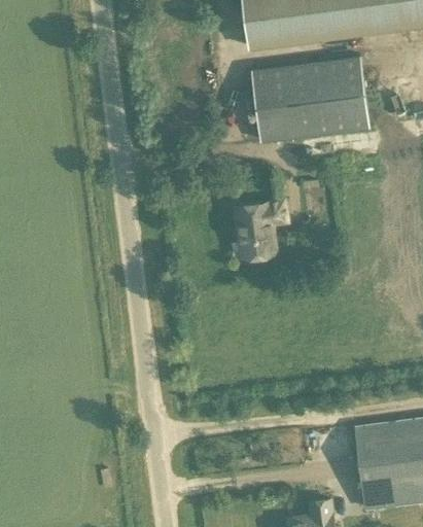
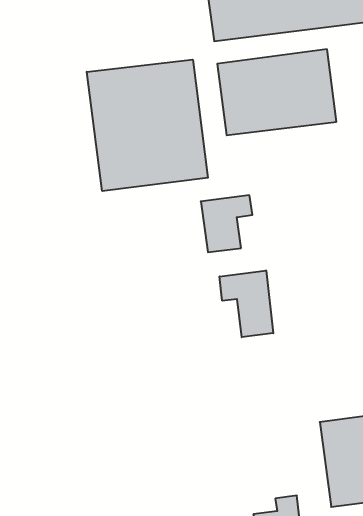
building: none -> [87,60,208,191]
building: none -> [220,270,273,337]

